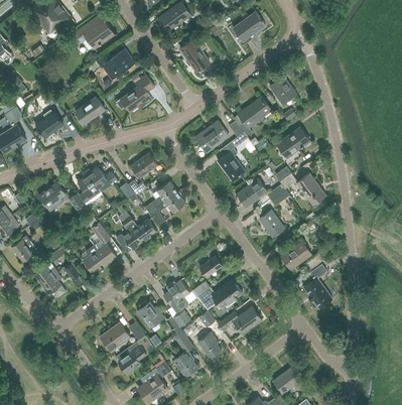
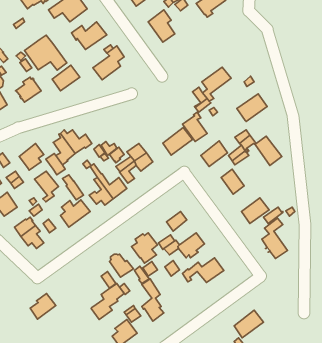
building: none -> [25,35,67,70]
building: [270,77,296,104] -> none
building: [196,122,229,152] -> [163,128,192,155]
building: [131,153,158,179] -> none
building: none -> [35,171,59,202]
building: [102,323,130,352] -> [30,293,56,319]
building: [196,330,222,359] -> none

